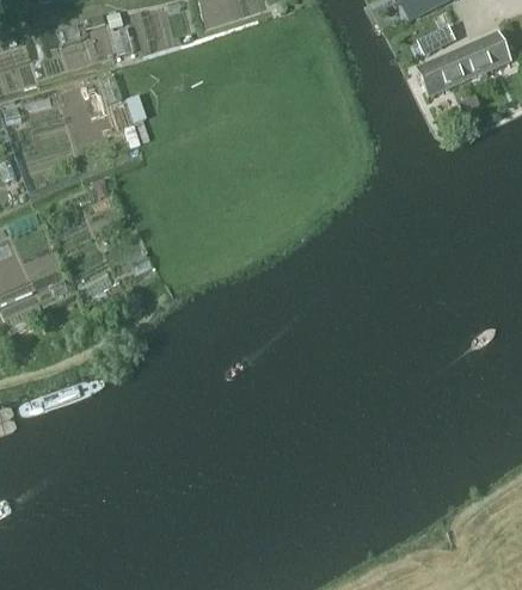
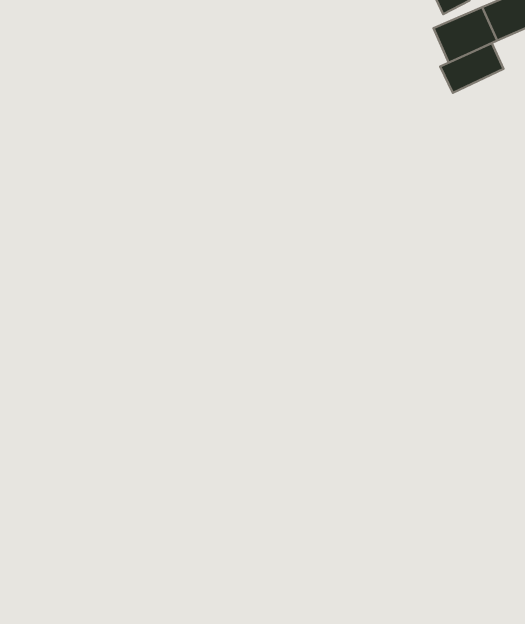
building: none -> [440,43,504,93]

